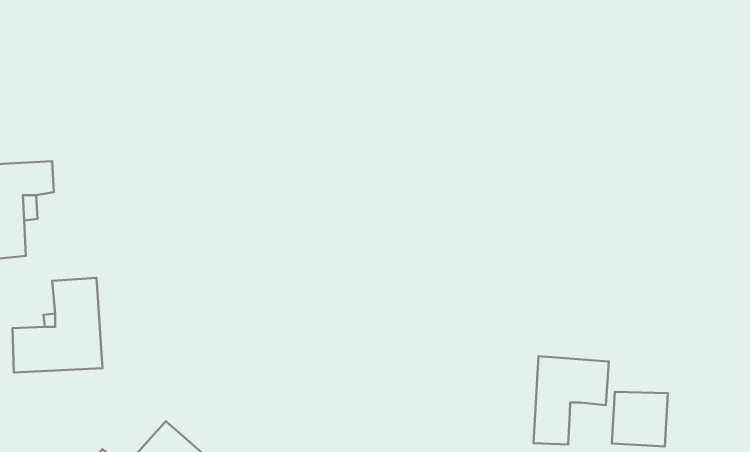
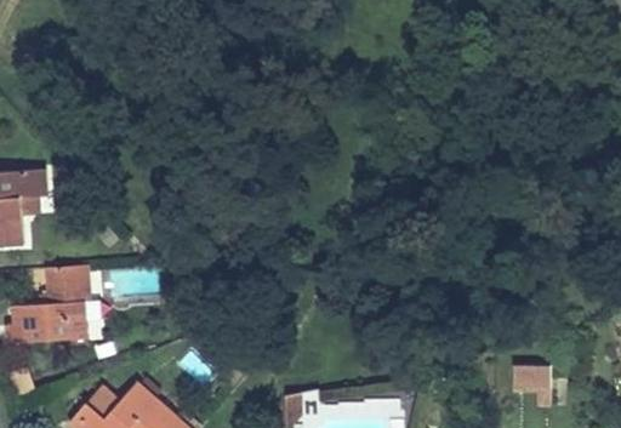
building: [534,356,609,445] -> none

